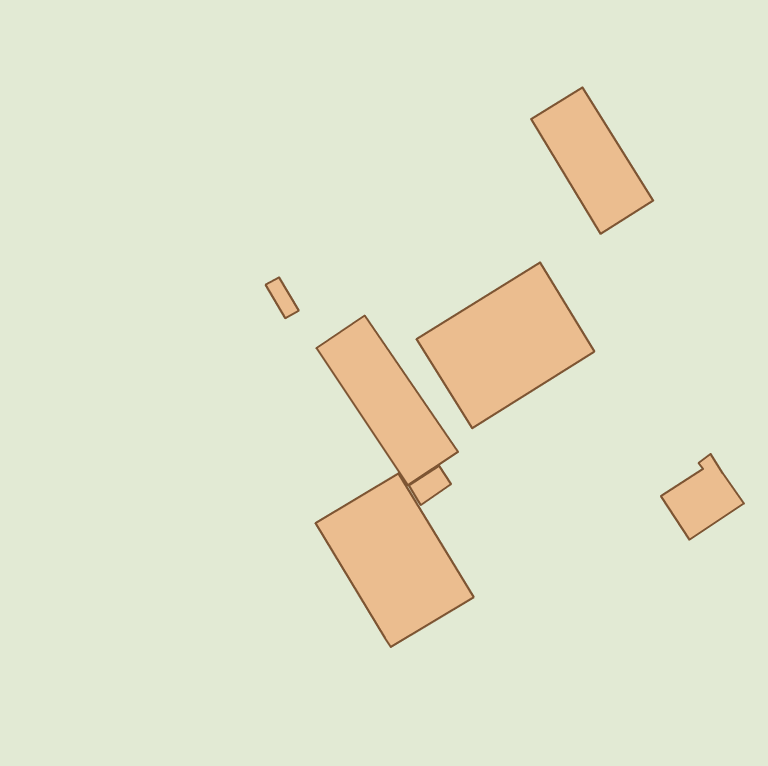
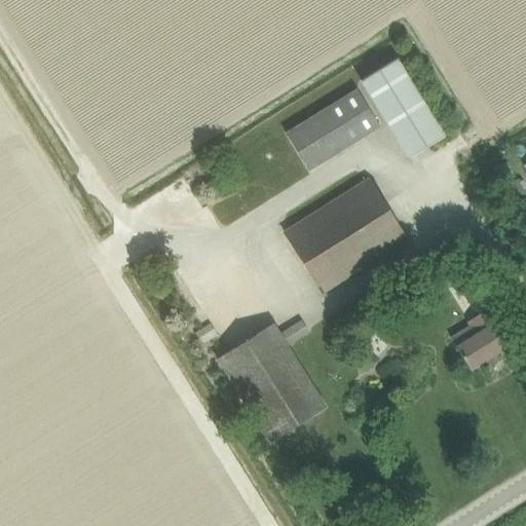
building: none -> [286,87,380,168]
building: [316,316,458,485] -> none

